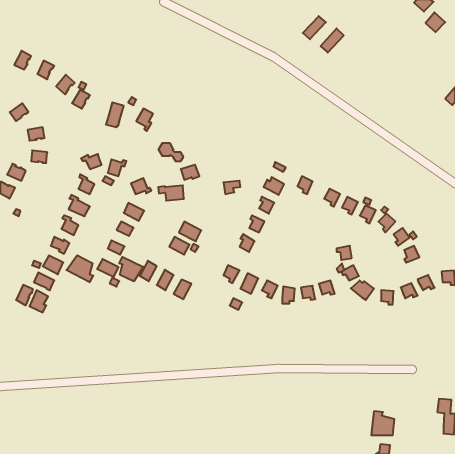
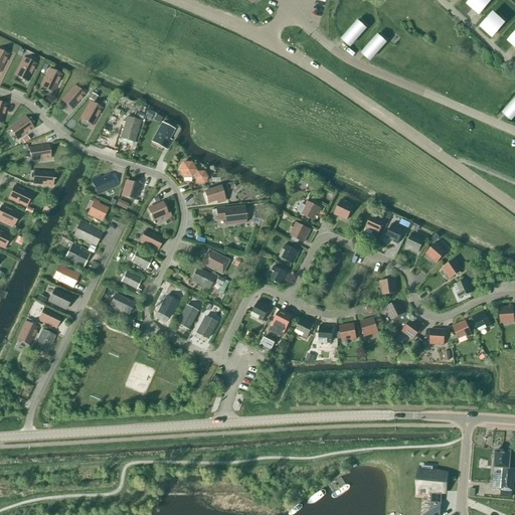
building: [158,185,184,201] -> [216,207,245,224]
building: [66,255,93,282] -> none
building: [119,257,143,281] -> none

